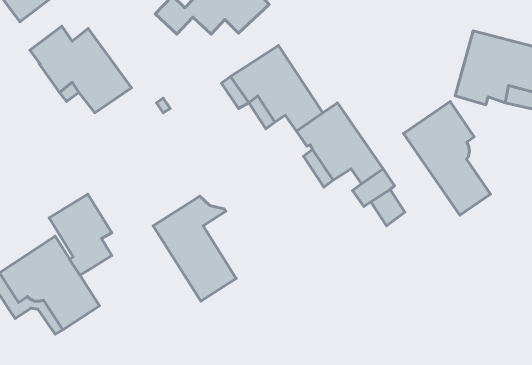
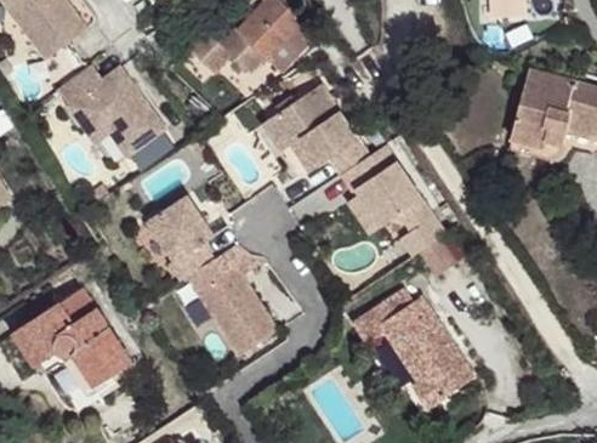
building: [403,102,491,215] -> none
building: [49,194,112,275] -> [146,194,212,280]
building: none -> [351,288,473,408]

